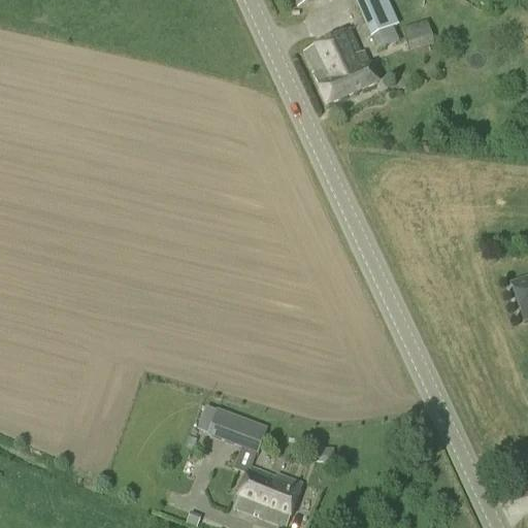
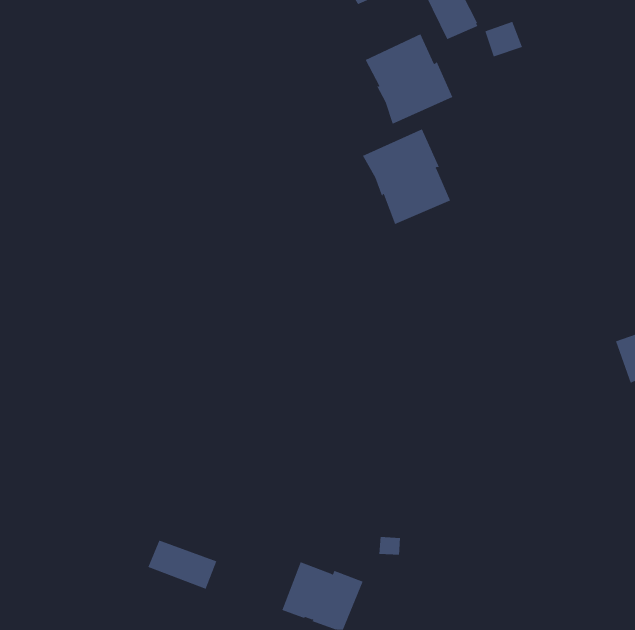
building: none -> [362,128,451,225]
building: [208,409,266,451] -> [148,540,217,590]

